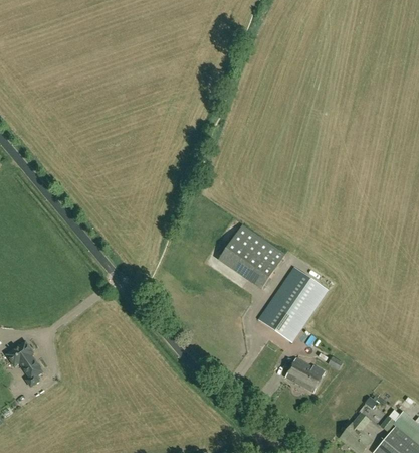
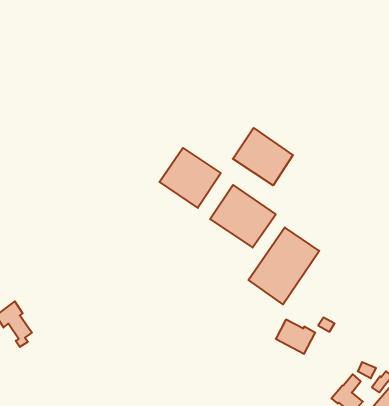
building: none -> [233,128,293,185]
building: none -> [159,148,221,208]

